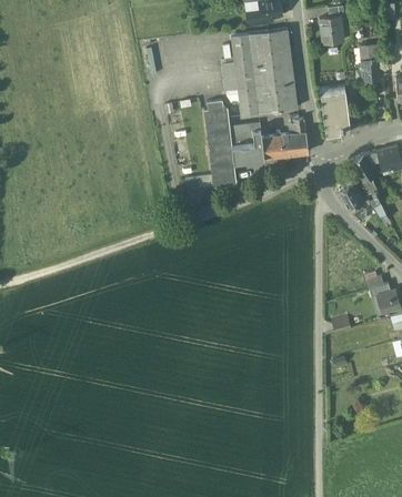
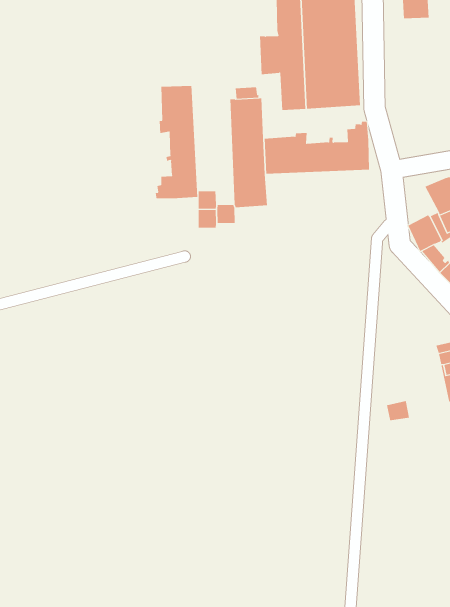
building: [320,84,348,136] -> none
building: none -> [155,85,198,199]

